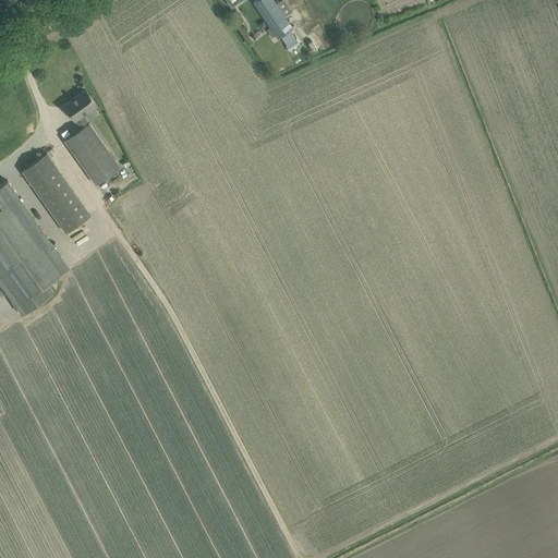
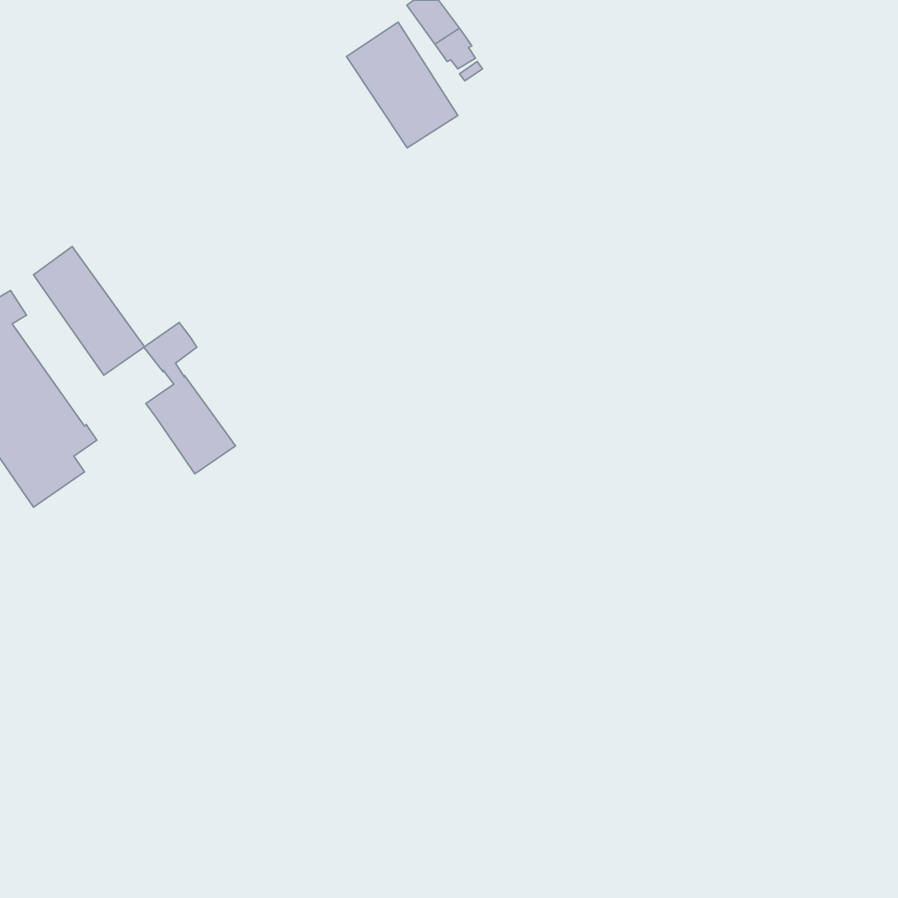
building: none -> [346,22,458,148]
building: [62,90,119,184] -> [144,323,235,474]

